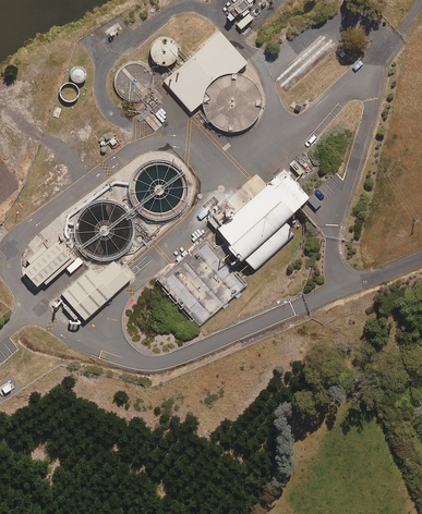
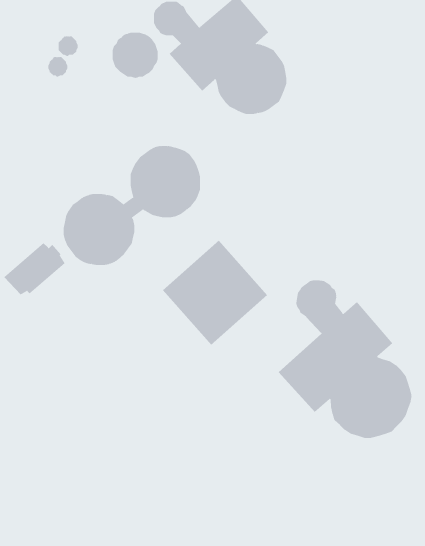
building: [218,170,309,269] -> none
building: [59,261,129,321] -> none
building: none -> [278,279,412,439]

